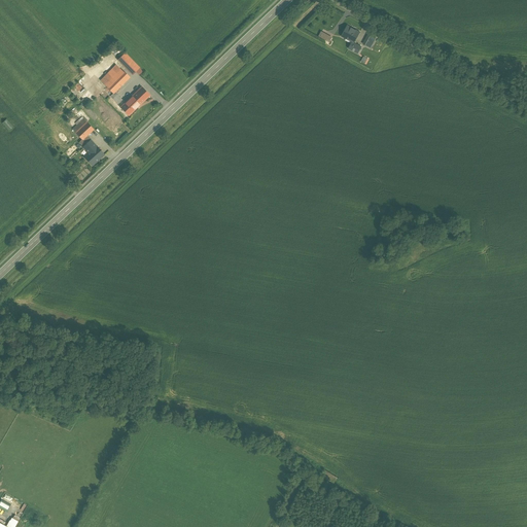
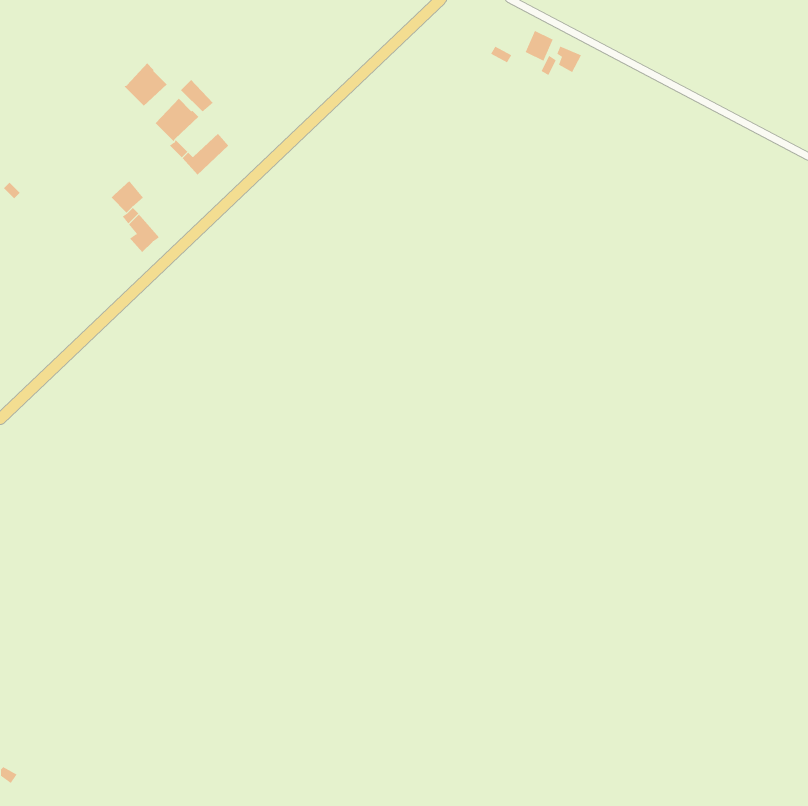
building: none -> [124,63,167,106]

